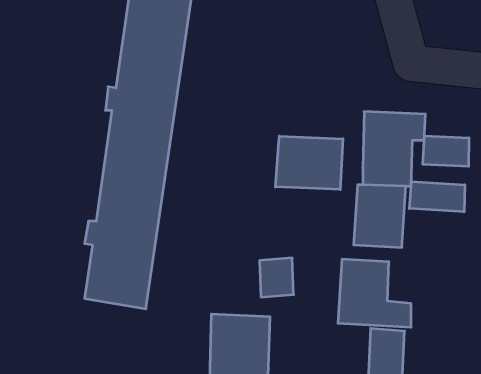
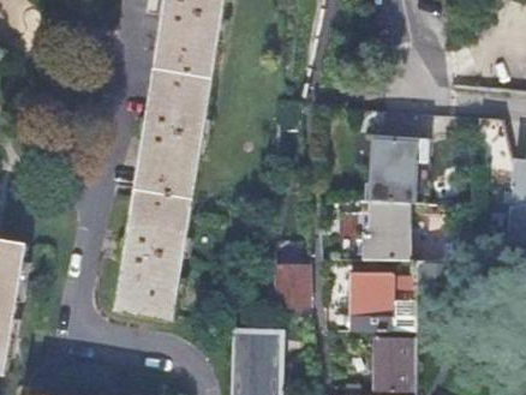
building: [423,136,469,166] -> none
building: [275,136,343,190] -> none
building: [409,181,465,212] -> none

